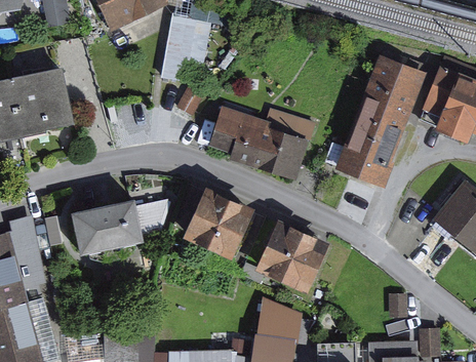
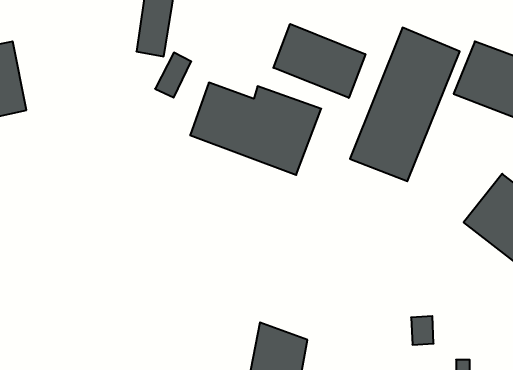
building: none -> [273,24,365,98]
building: [180,187,250,259] -> none
building: [72,196,162,254] -> none
building: [256,218,331,290] -> none

